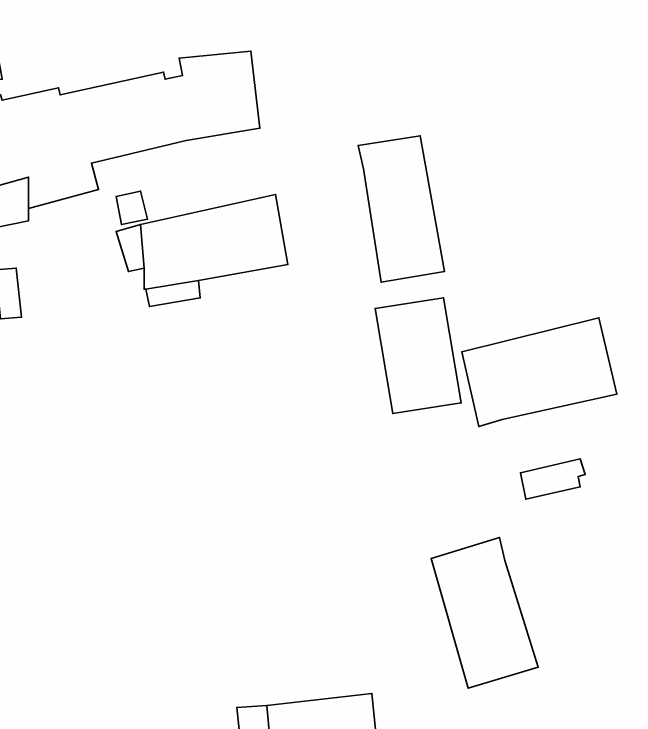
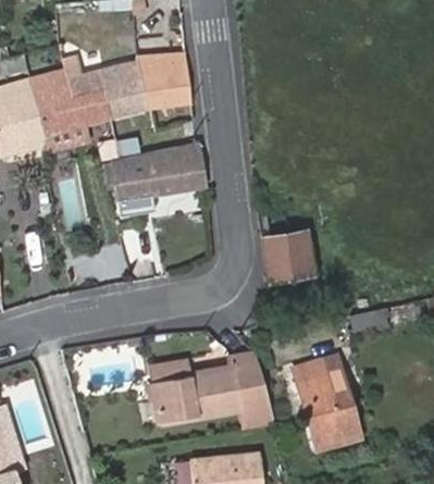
building: [358,136,444,282] -> none
building: [462,318,617,427] -> none
building: none -> [149,349,275,429]

